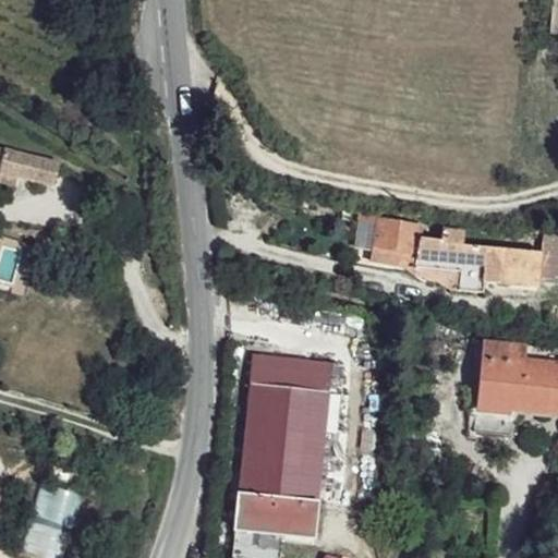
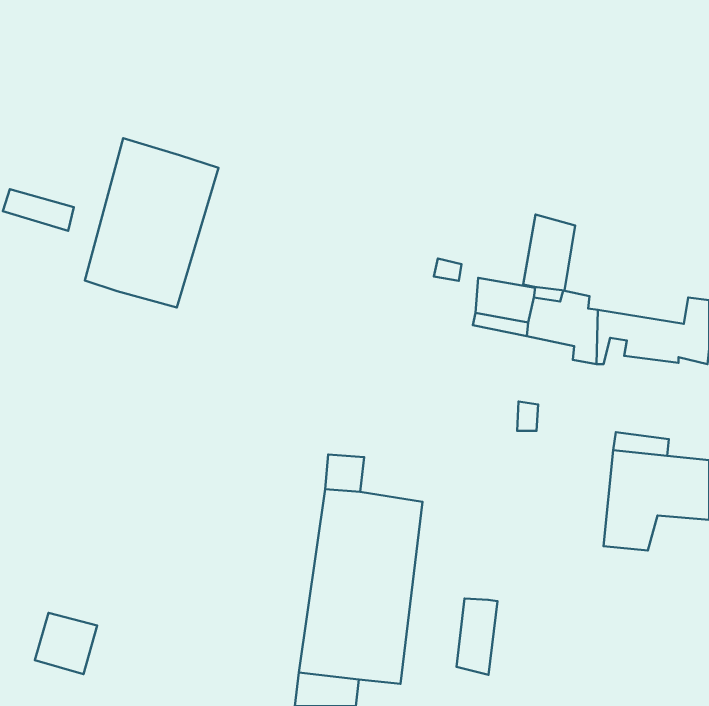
building: none -> [85,138,218,307]
building: none -> [523,214,575,291]
building: [282,359,333,393] -> none
building: none -> [457,598,497,675]

